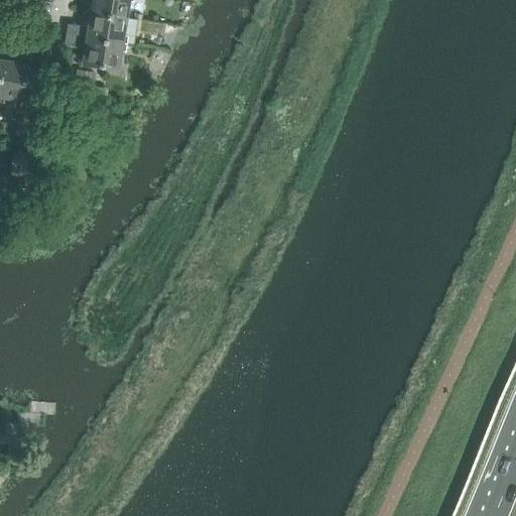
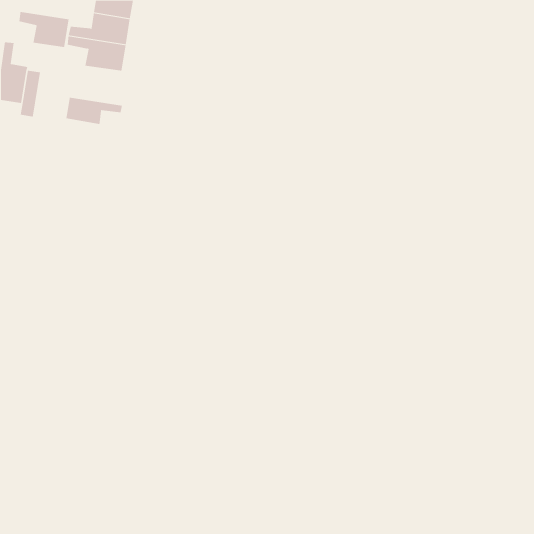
building: none -> [19,11,69,48]
building: none -> [66,97,122,125]

